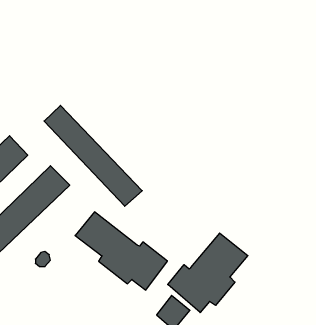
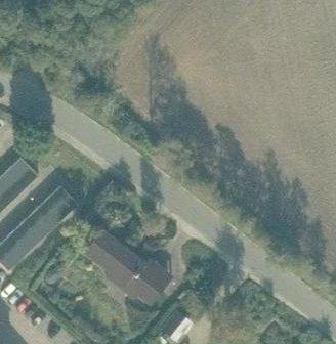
building: [44,105,142,206] -> none
building: [168,233,248,313] -> none

